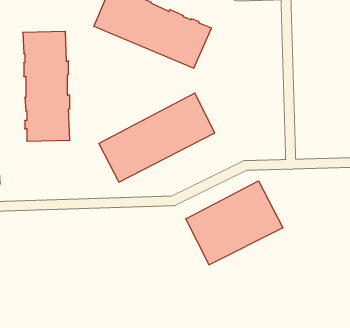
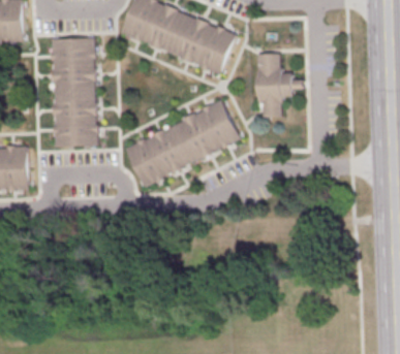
building: none -> [259,54,304,118]
building: [186,181,283,265] -> none

